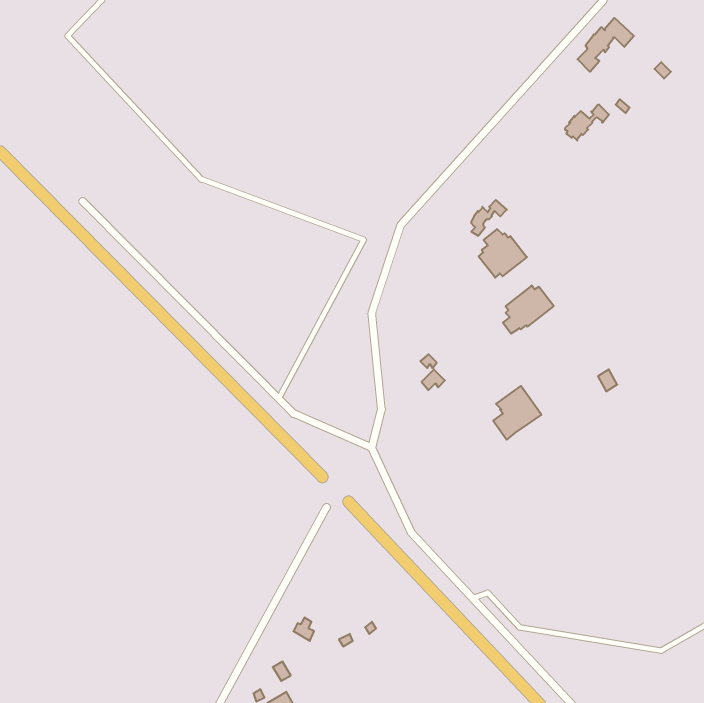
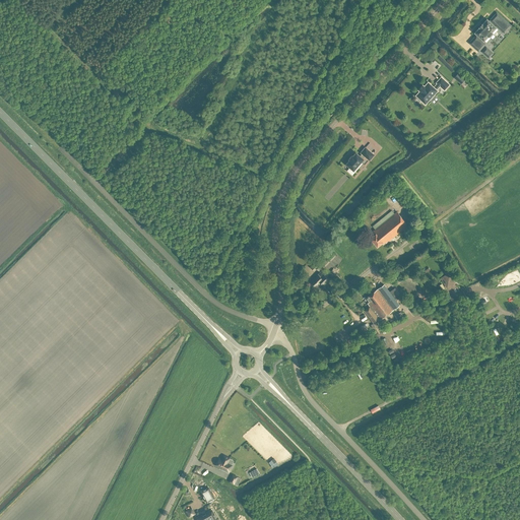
building: [577,18,634,72] -> [469,13,511,53]
building: [479,229,527,278] -> none

